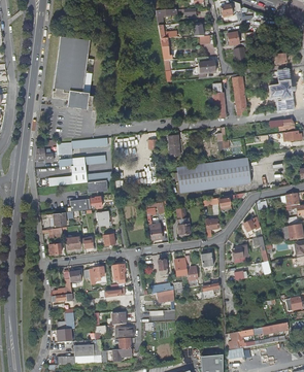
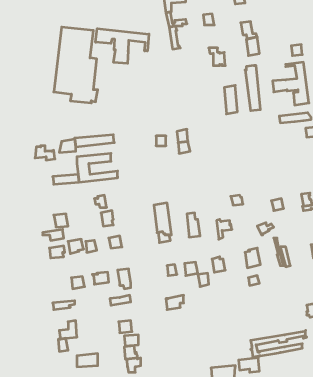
building: none -> [96,29,149,63]
building: [176,158,250,192] -> none

